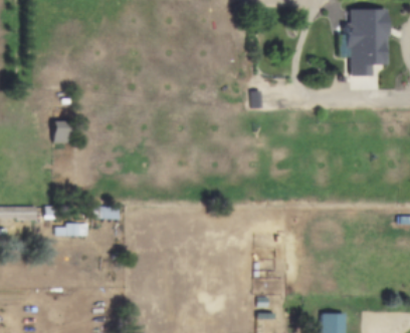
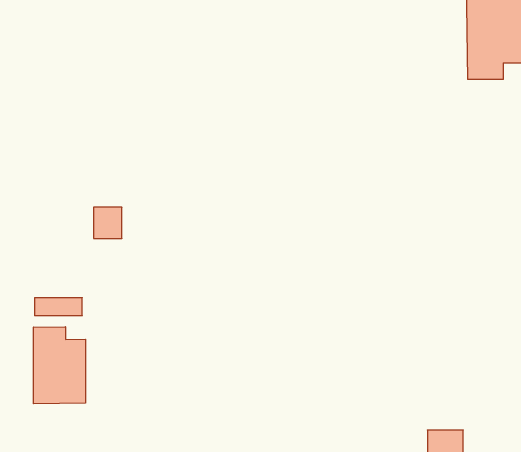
building: [53,120,72,141] -> [94,207,122,238]
building: none -> [34,327,86,404]

